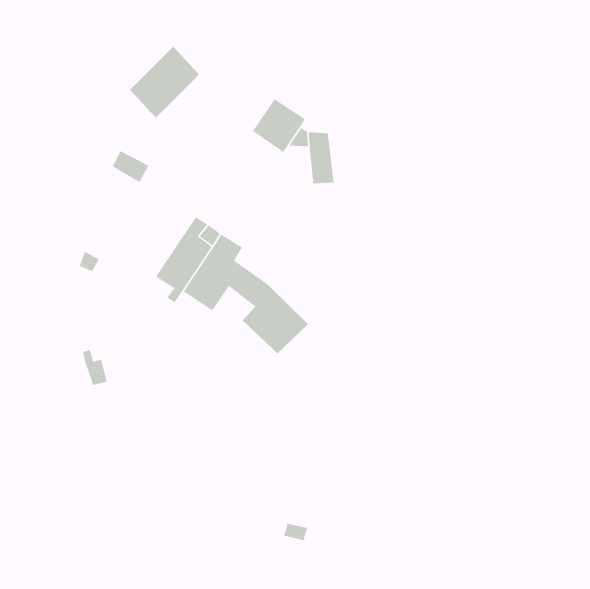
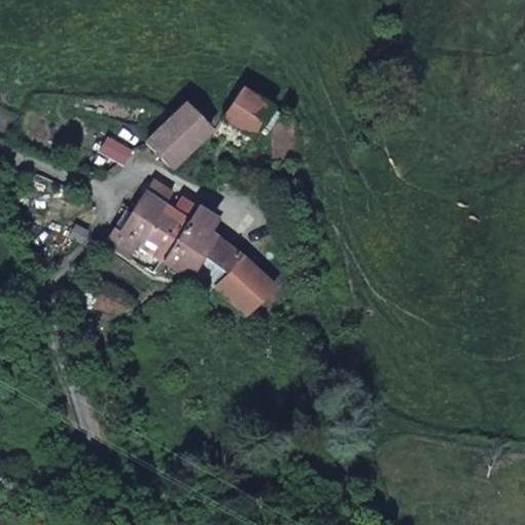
building: [129,46,200,119] -> [149,102,211,166]
building: none -> [107,178,174,256]

